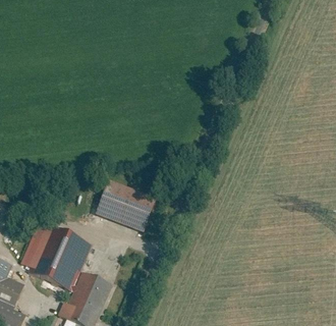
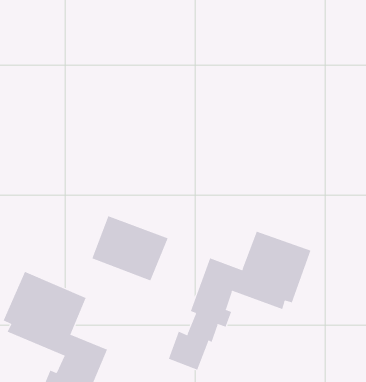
building: none -> [168,231,311,371]

